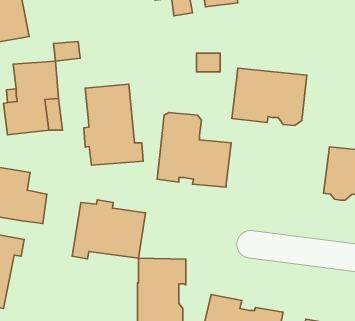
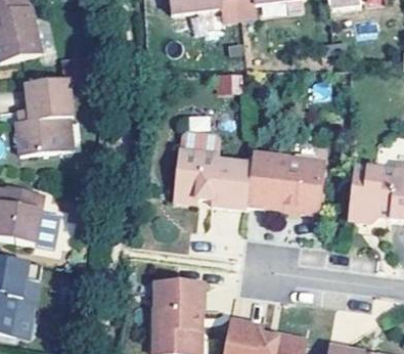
building: [232,68,307,125] -> [245,153,323,213]
building: [84,84,143,165] -> none
building: [72,200,145,259] -> none

